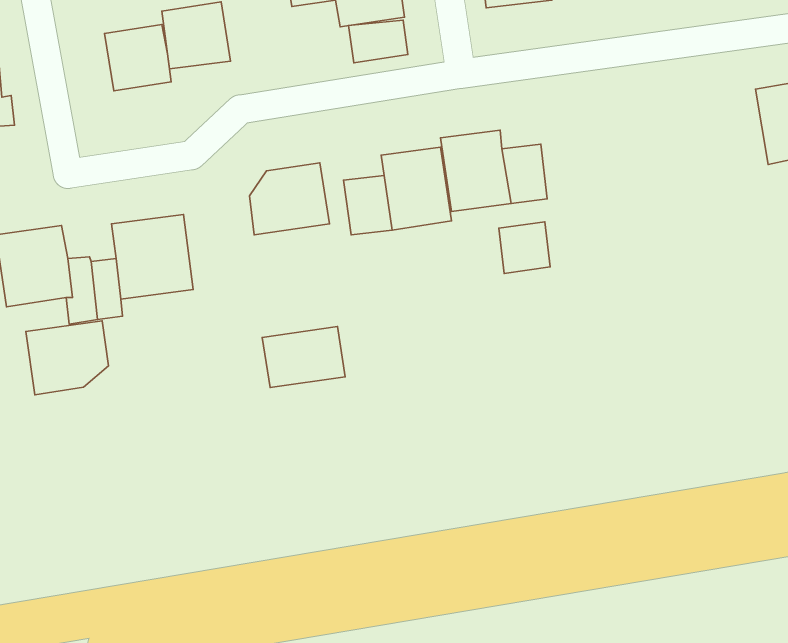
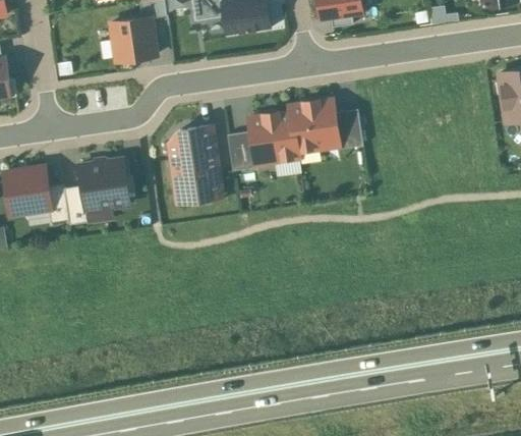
building: [349,20,408,63] -> none
building: [105,25,171,91] -> none
building: [499,222,550,273] -> none
building: [26,321,108,395] -> none
building: [262,327,345,388] -> [170,162,224,202]

